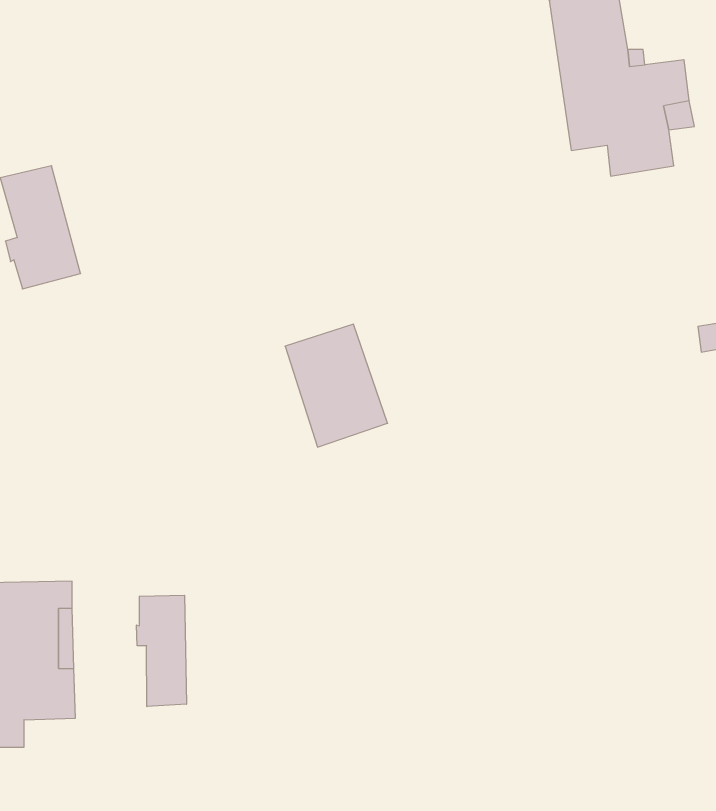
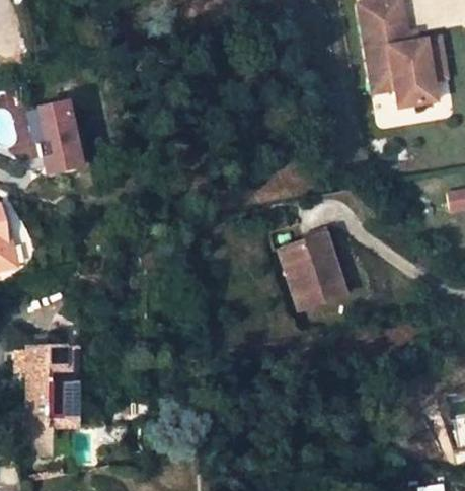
building: [285,324,388,447] -> [284,236,344,309]
building: [137,595,186,707] -> none

